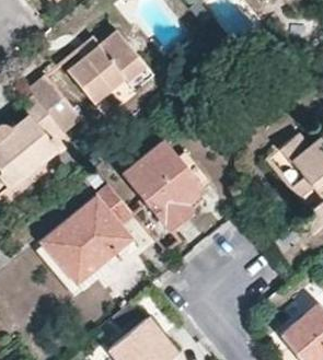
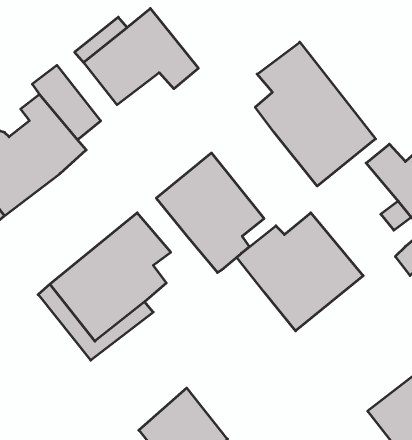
building: none -> [255,42,376,186]
building: none -> [237,213,363,331]

